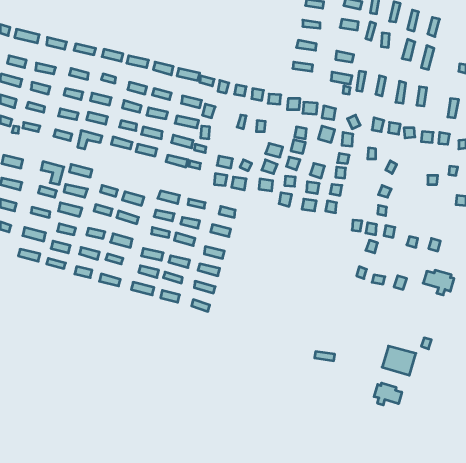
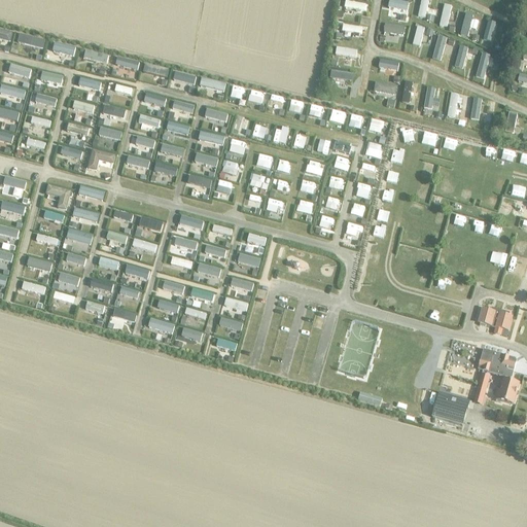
building: none -> [478,347,519,401]
building: [374,383,402,405] -> none

